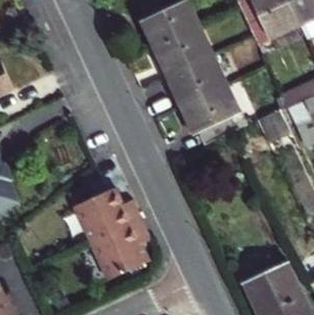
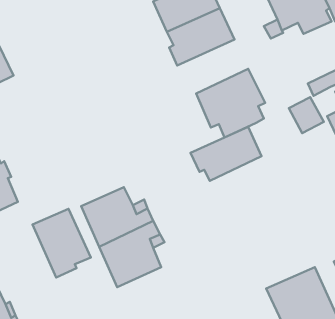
building: [163,54,227,103] -> [191,127,262,181]
building: none -> [33,209,91,278]

